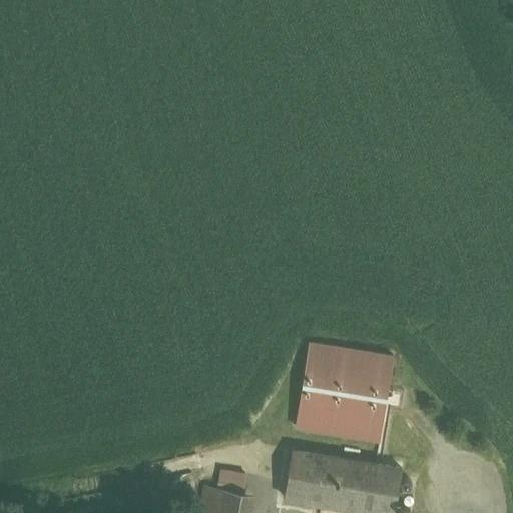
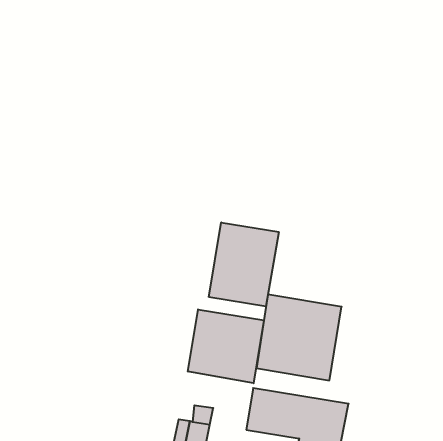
building: none -> [209,222,279,306]
building: none -> [188,309,264,383]

